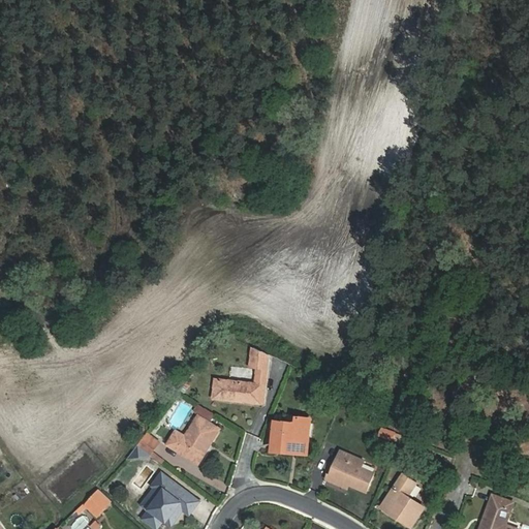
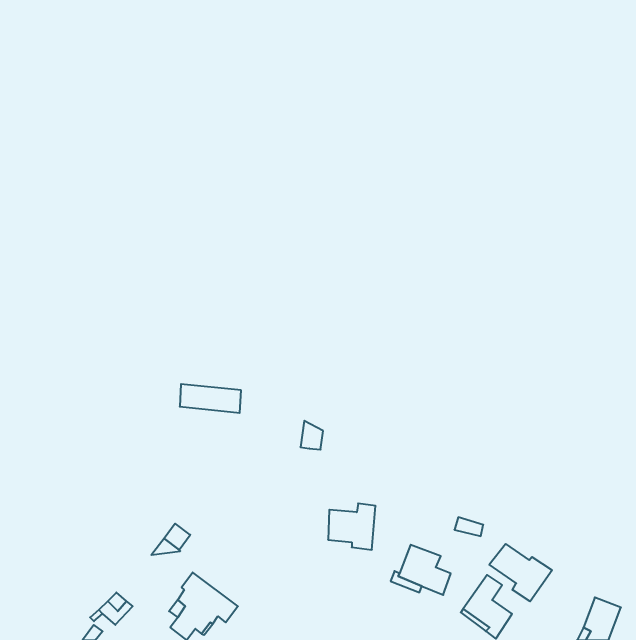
building: [212,379,262,403] -> [180,384,241,413]
building: [166,413,217,463] -> none
building: none -> [489,544,552,601]

